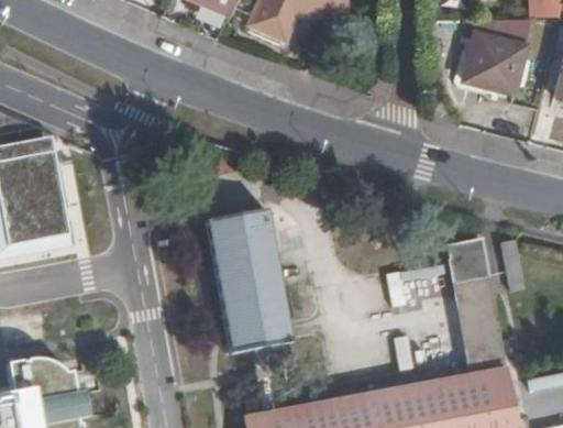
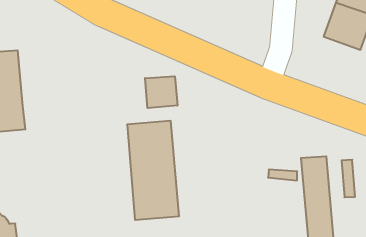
building: none -> [145,76,177,108]

